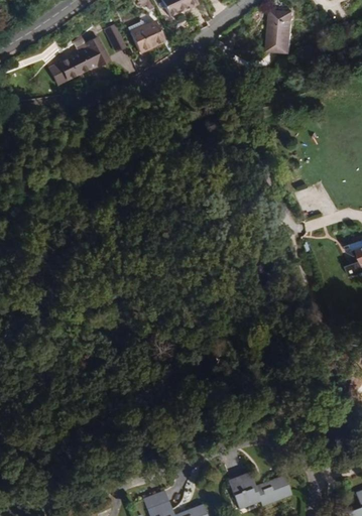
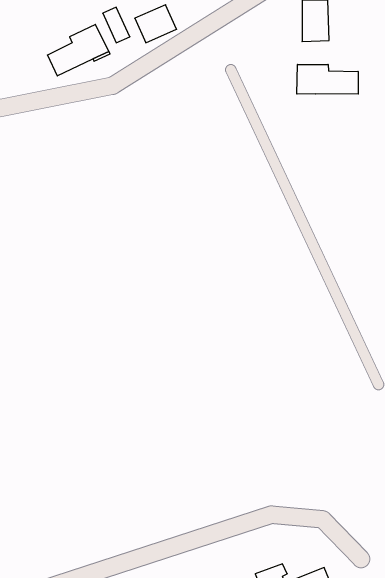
building: none -> [297,64,358,94]

